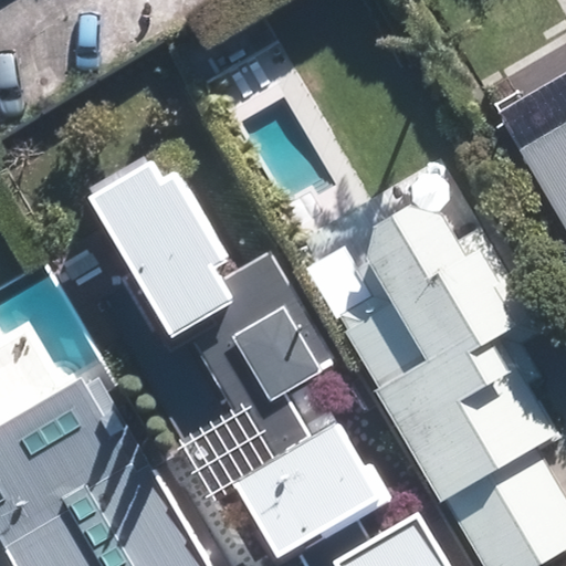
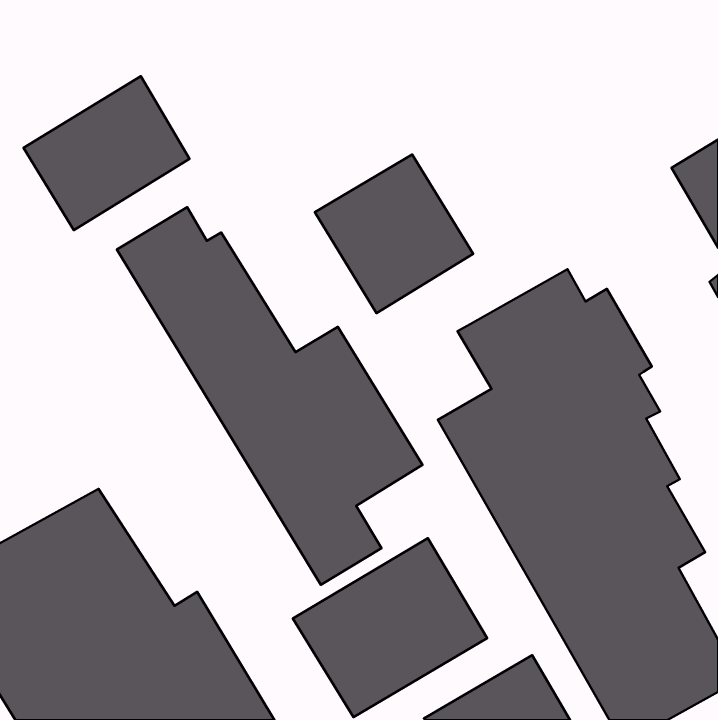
building: none -> [24,76,190,230]
building: none -> [315,154,473,313]

